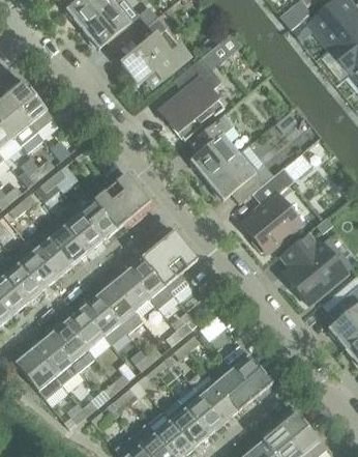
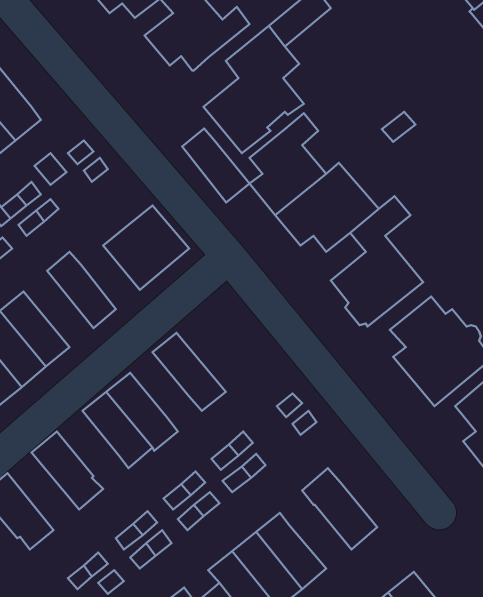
building: none -> [182,128,250,202]
building: [72,192,118,241] -> none
building: [42,217,88,266] -> none
building: [142,231,198,295] -> none
building: [112,269,150,312] -> none
building: [64,308,105,350] -> none
building: [32,335,79,385] -> none
building: [215,369,256,410] -> none

